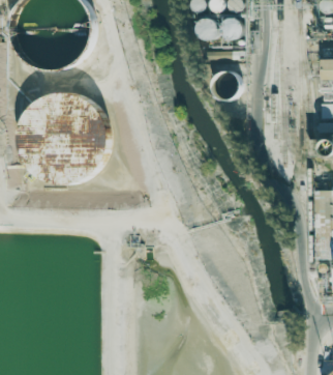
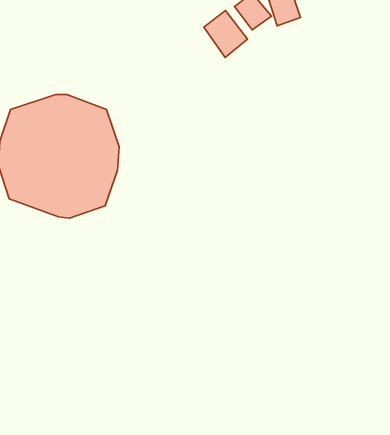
building: none -> [204,11,247,57]

